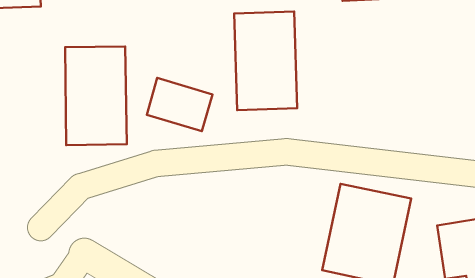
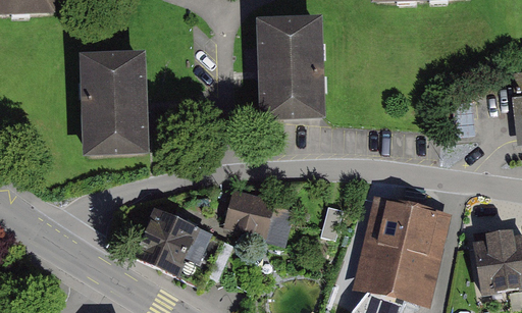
building: [147,78,212,131] -> [220,191,290,247]
building: none -> [133,209,217,283]

